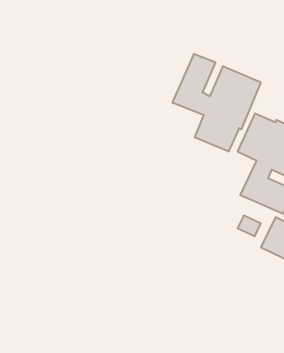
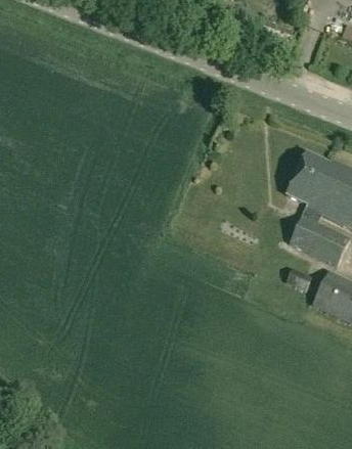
building: [173,54,261,152] -> none

